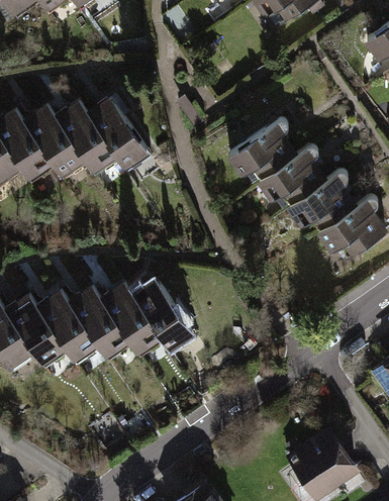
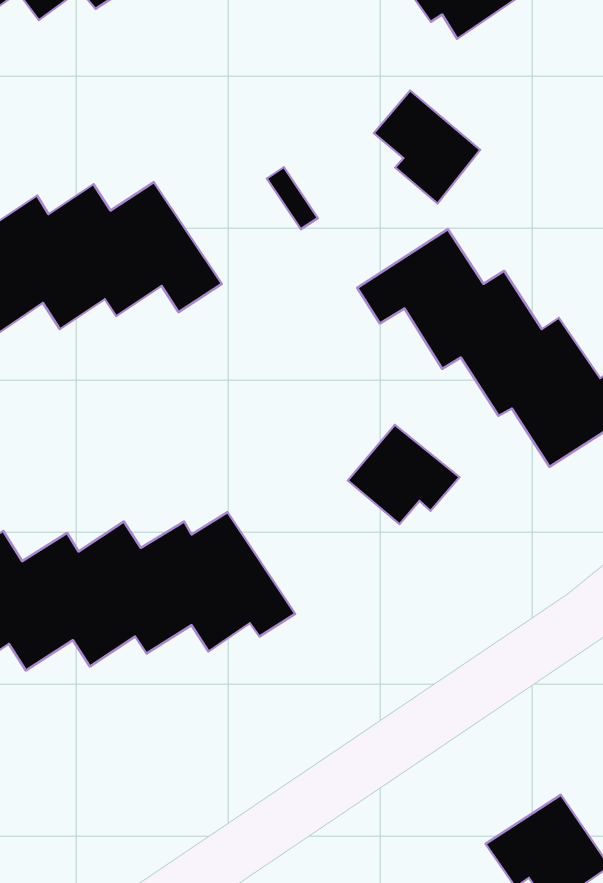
building: none -> [374,91,480,204]
building: none -> [348,425,459,524]

